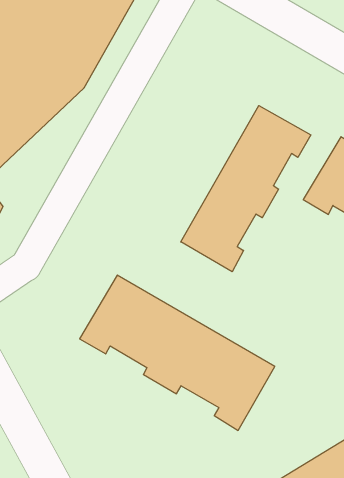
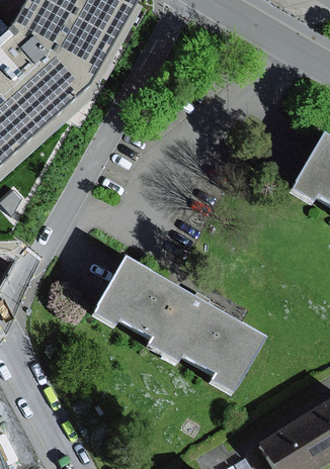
building: [181,106,311,272] -> none

